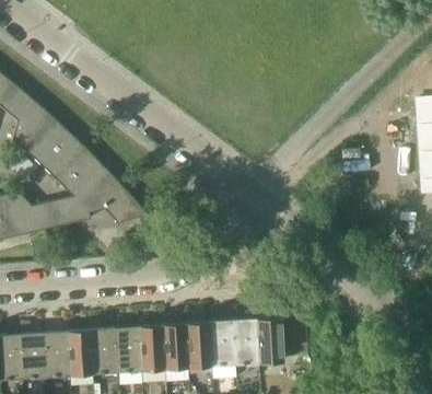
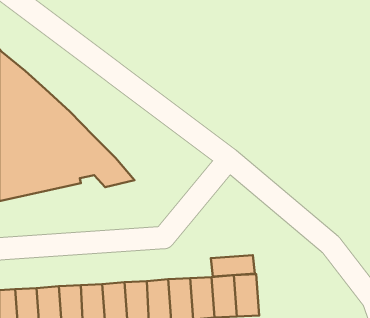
building: none -> [211,255,255,277]

